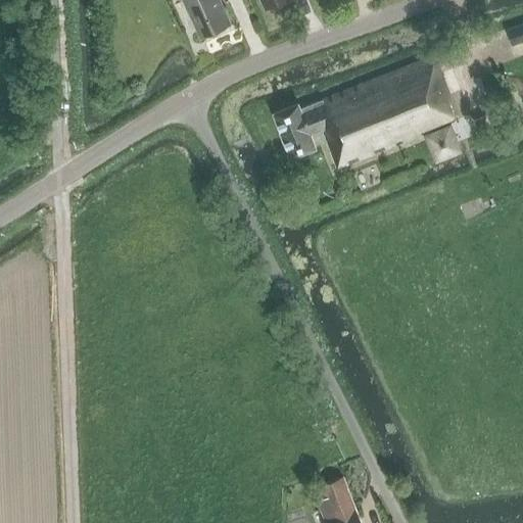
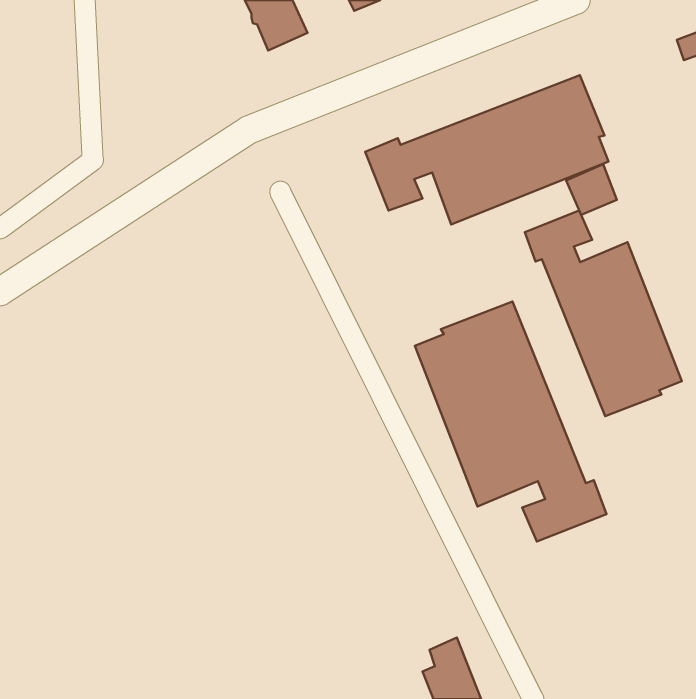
building: none -> [525,211,682,416]
building: none -> [415,302,606,542]

